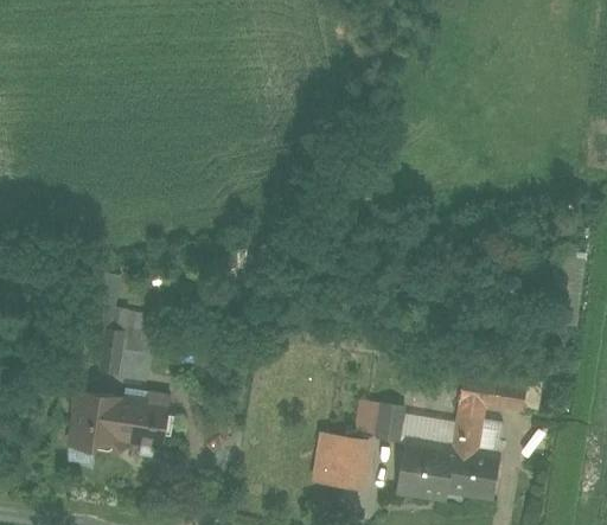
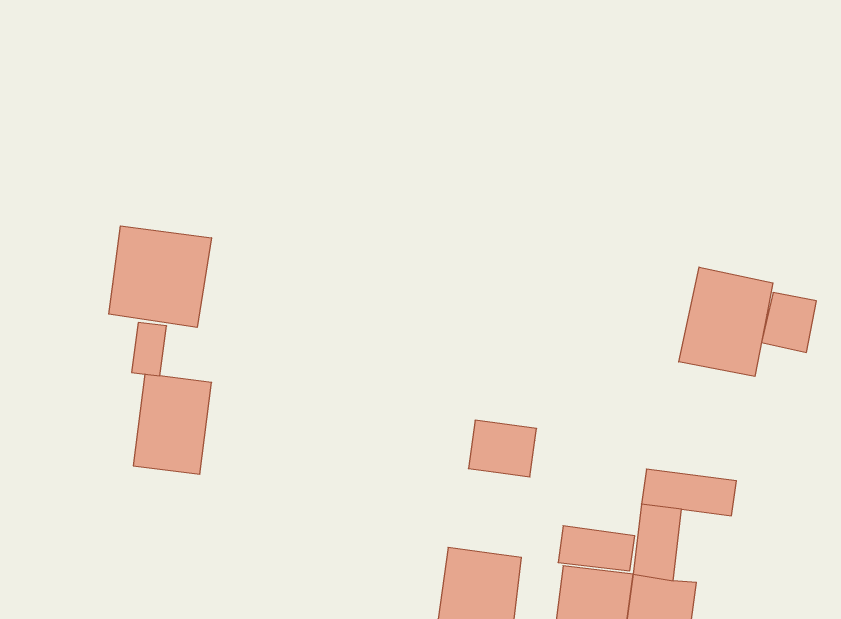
building: none -> [109,226,211,327]
building: none -> [679,267,773,376]
building: [66,392,171,452] -> none
building: [356,403,404,443] -> [468,420,537,477]

